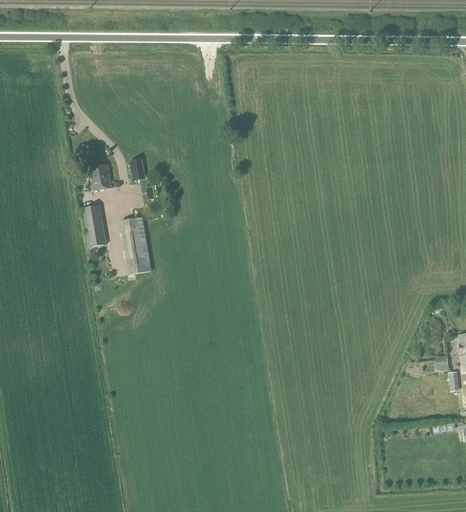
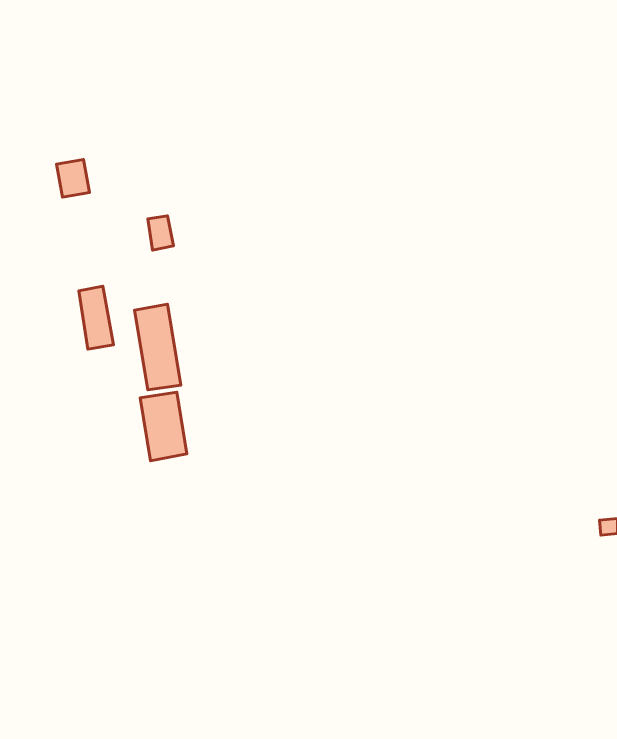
building: [89,164,111,189] -> [56,160,89,197]
building: none -> [140,392,187,461]

